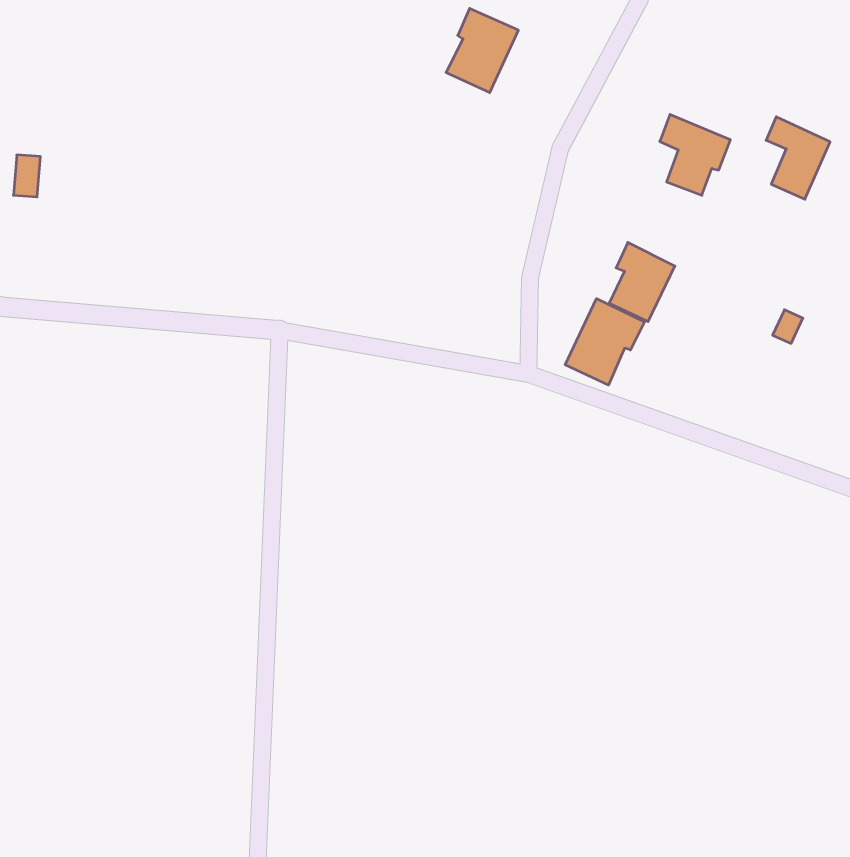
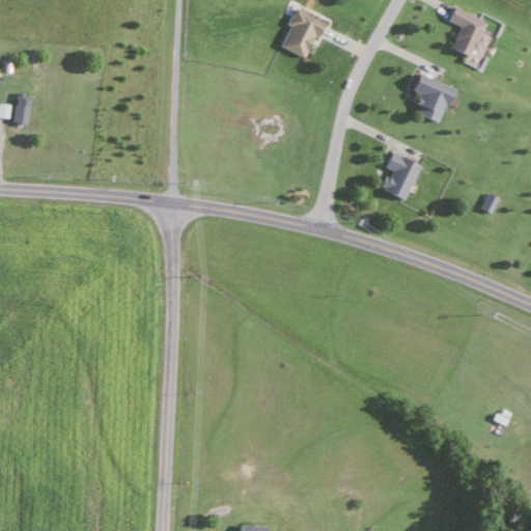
building: [766,117,830,199] -> [449,6,488,57]
building: [565,299,644,385] -> none

